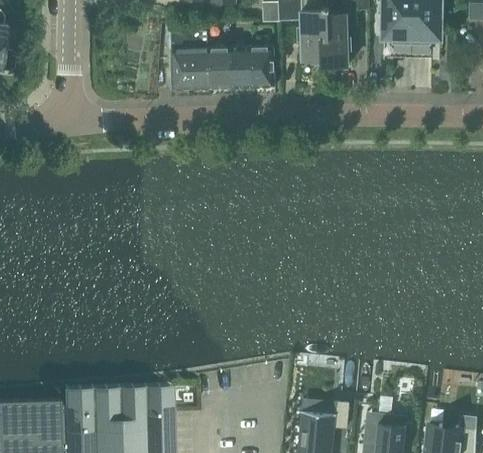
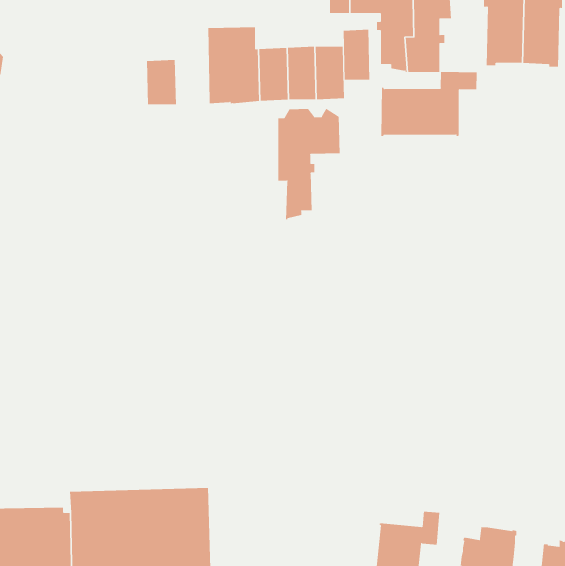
building: none -> [343,29,370,81]
building: none -> [146,59,176,105]
building: none -> [381,71,477,137]
building: none -> [278,108,340,220]

